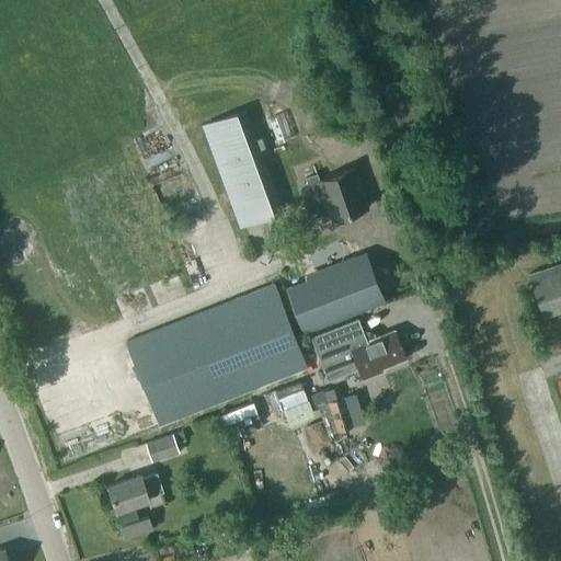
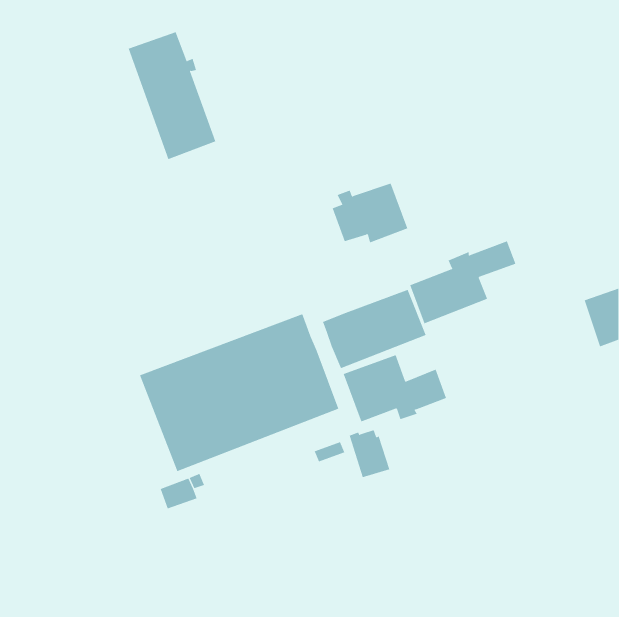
building: [202,110,282,226] -> [128,32,216,160]
building: none -> [409,240,516,324]
building: [108,476,164,539] -> none

